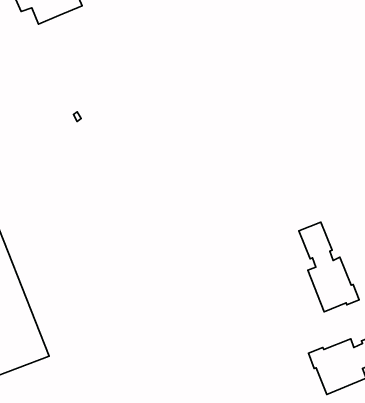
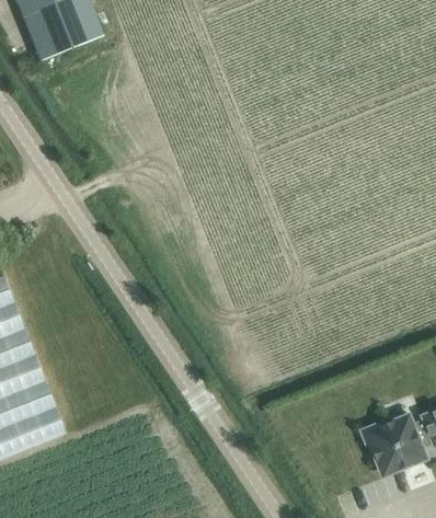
building: [299,222,359,312] -> none

